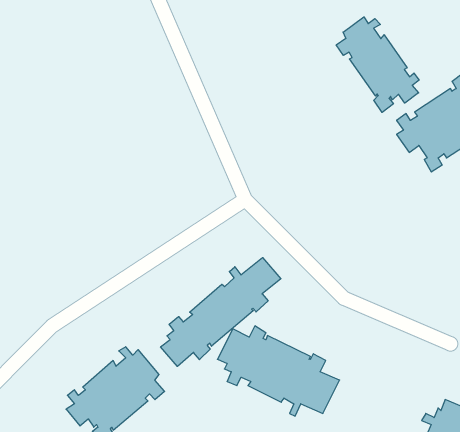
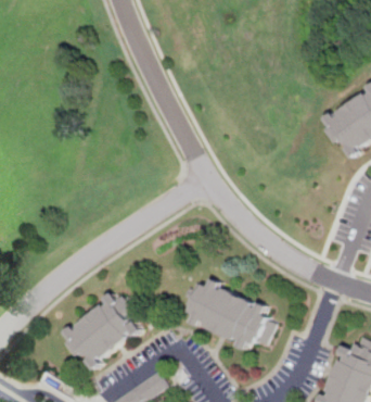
building: [336,17,419,112] -> none
building: [161,258,281,366] -> none

